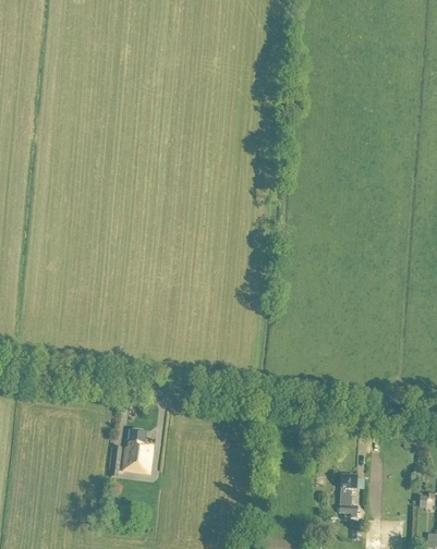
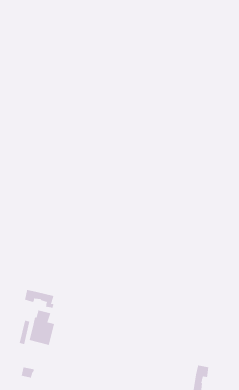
building: none -> [24,289,54,308]

